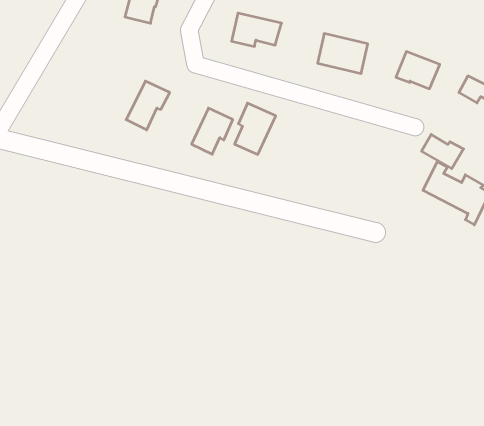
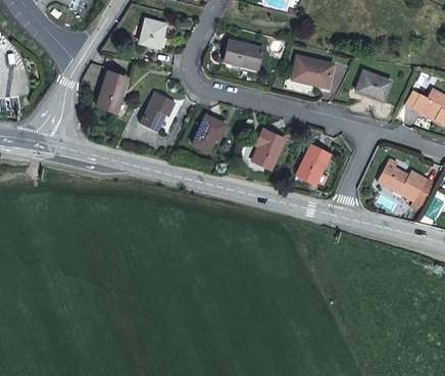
building: none -> [98,73,129,113]
building: [235,103,276,154] -> [253,129,286,170]
building: [422,134,464,169] -> none
building: none -> [295,145,329,185]

